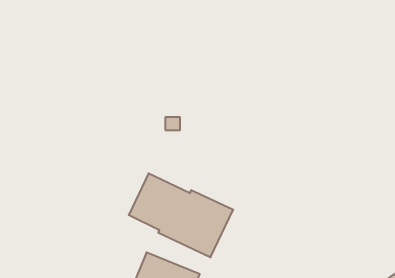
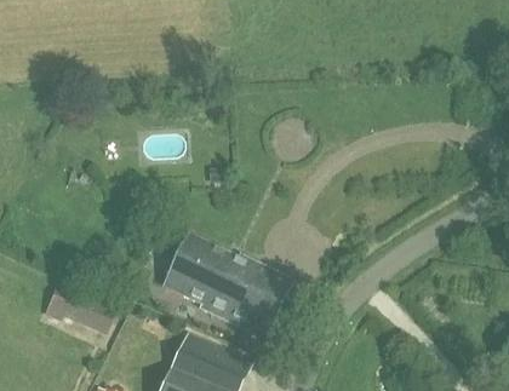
building: none -> [47,283,118,330]

